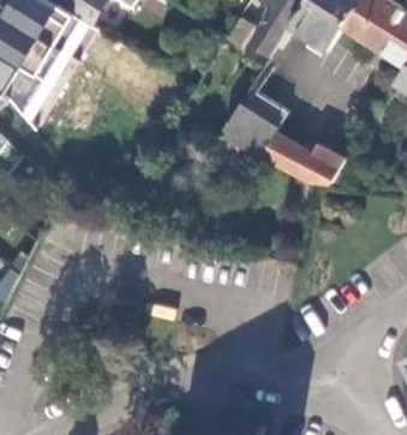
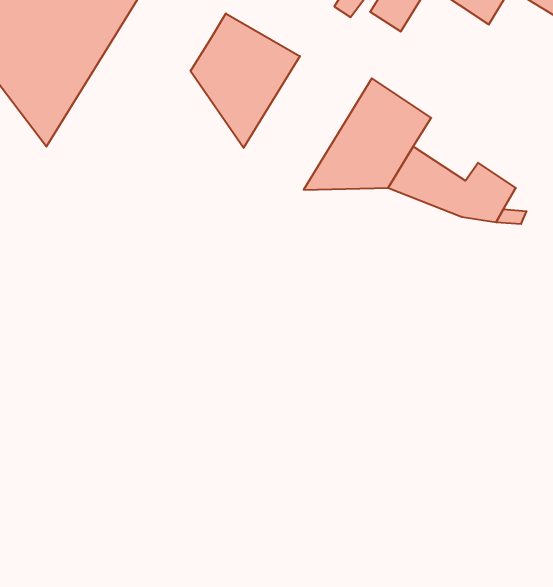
building: none -> [191,13,300,148]

